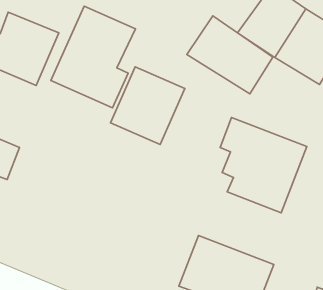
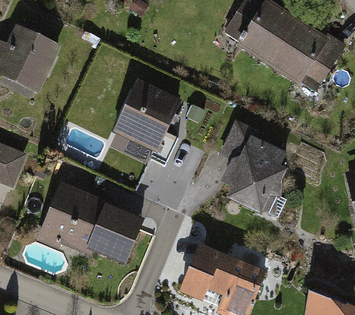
building: [51,6,135,108] -> none
building: [187,16,273,94] -> none
building: none -> [38,180,147,268]

